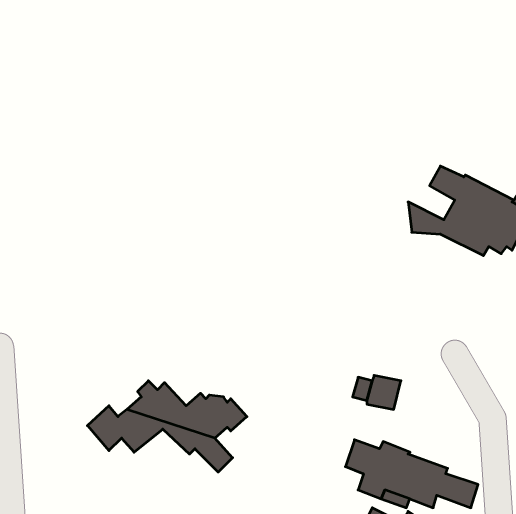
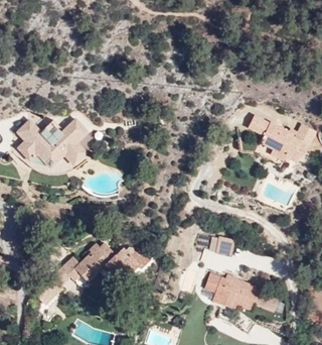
building: none -> [16,118,88,165]

